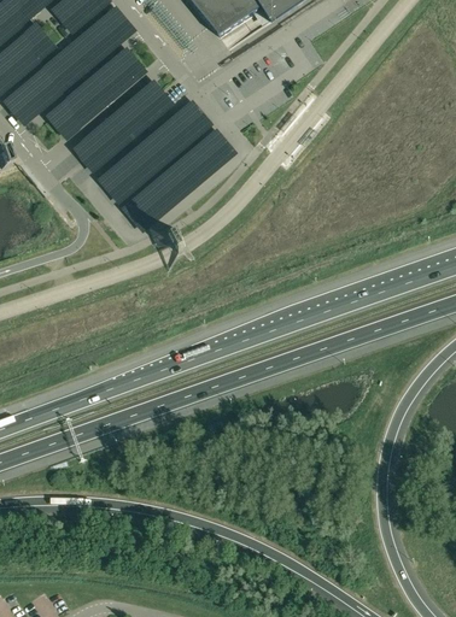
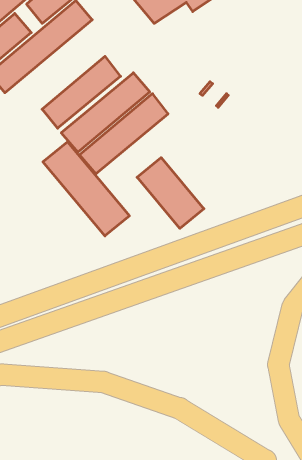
building: [43,45,148,139] -> none
building: none -> [43,142,129,236]
building: none -> [137,158,204,228]

